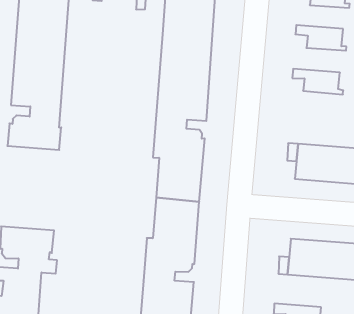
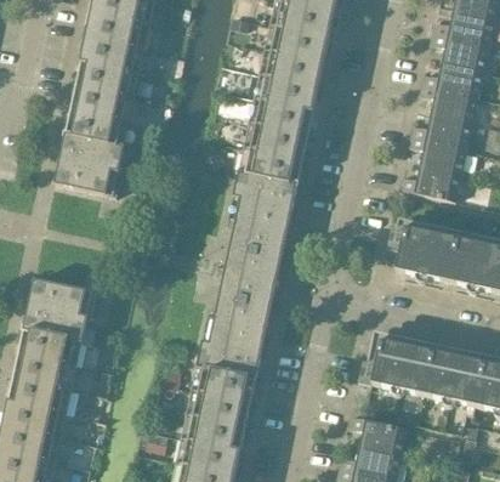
building: none -> [422,59,489,93]
building: none -> [411,110,478,146]
building: none -> [400,161,467,198]

